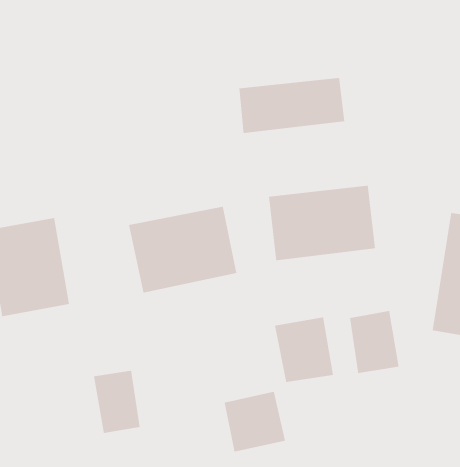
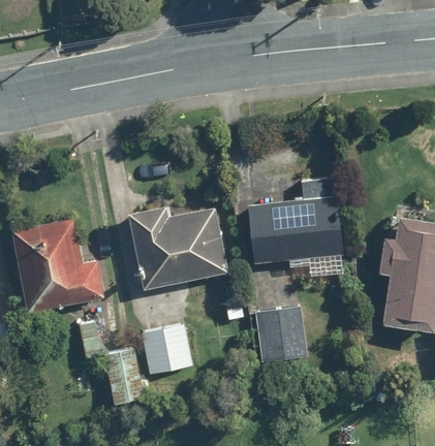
building: [239,77,345,134] -> none
building: [350,310,399,374] -> none
building: [224,391,286,452] -> [142,323,193,374]

